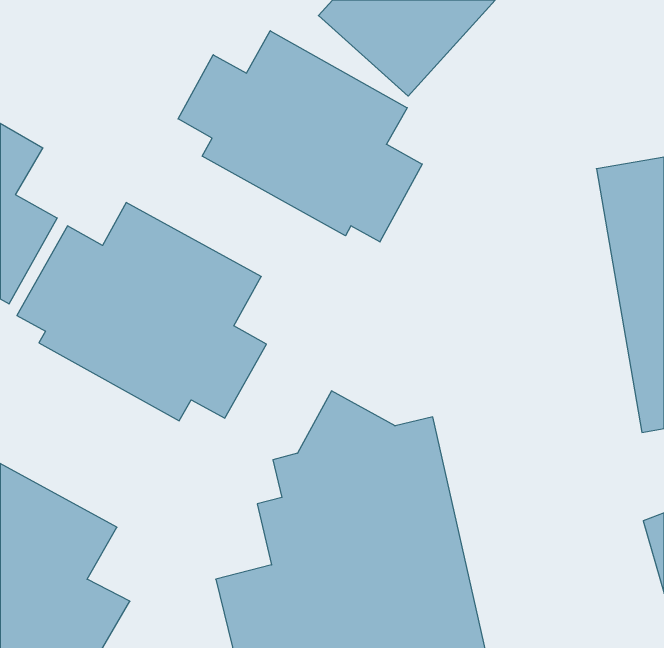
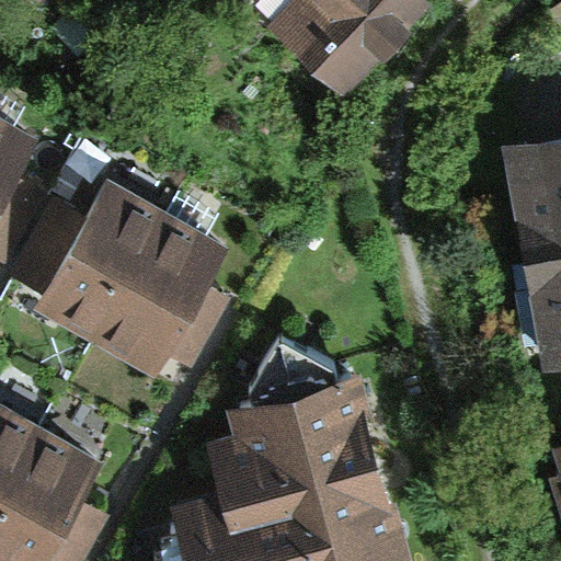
building: [178,31,422,242] -> none

